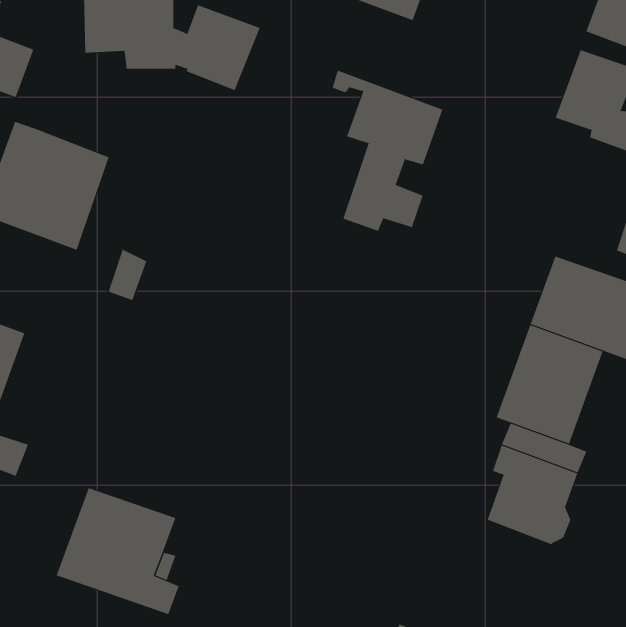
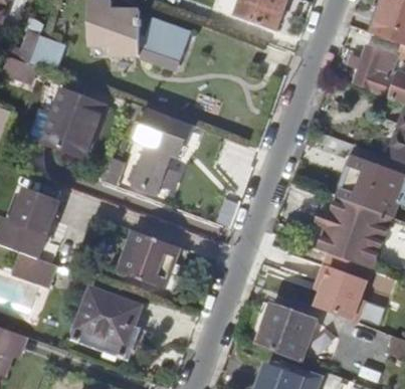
building: [332,70,443,231] -> [128,101,190,191]
building: none -> [119,229,180,289]
building: none -> [254,305,314,361]

